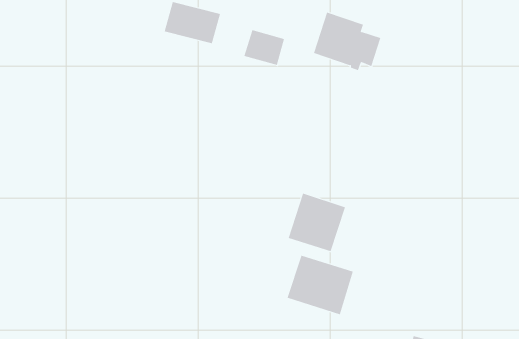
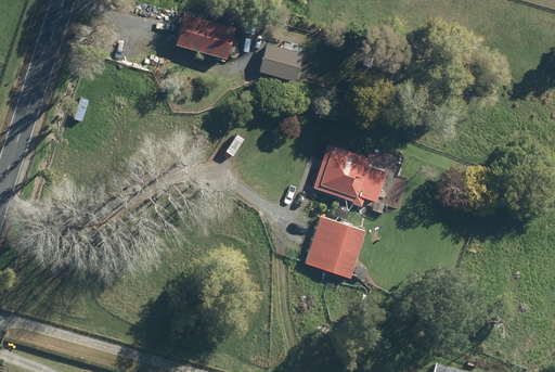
building: [313,12,381,71] -> [314,143,386,205]
building: [287,255,353,315] -> none

